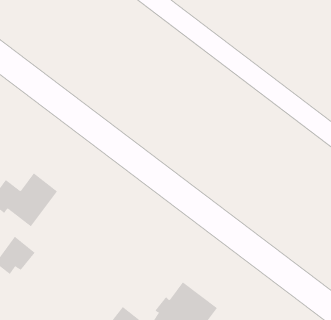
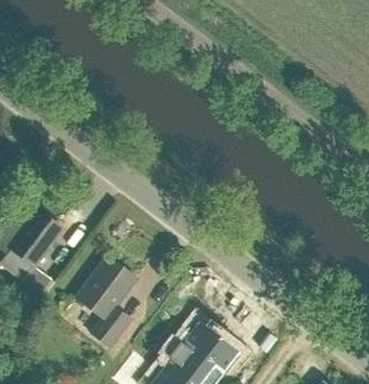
building: none -> [77,254,138,346]

